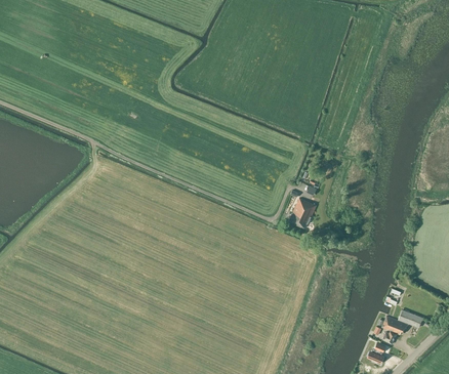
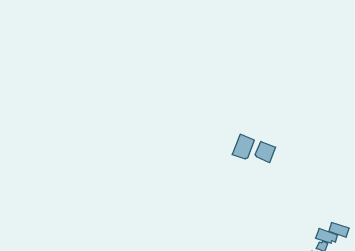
building: none -> [255,141,276,163]

